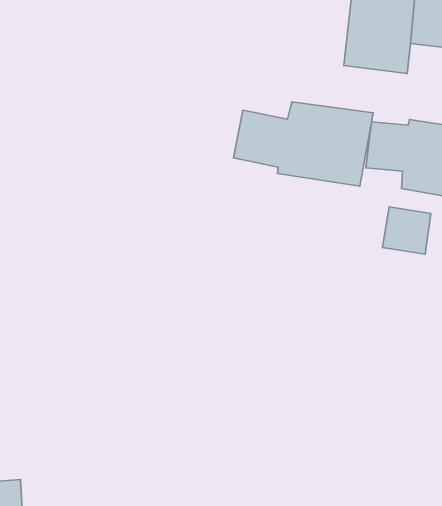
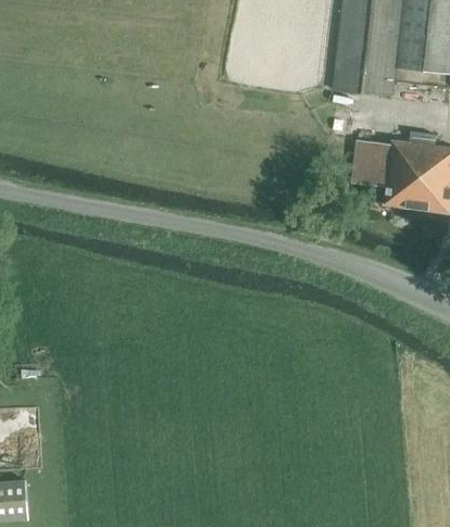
building: [234,102,373,186] -> none
building: [383,207,431,254] -> none

